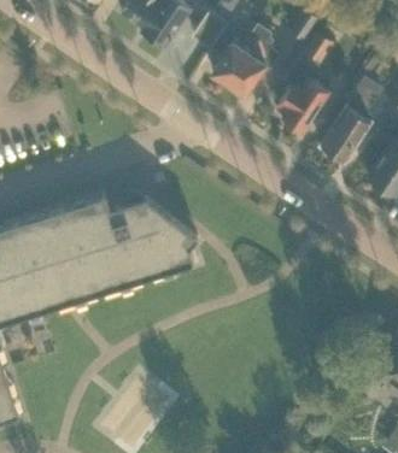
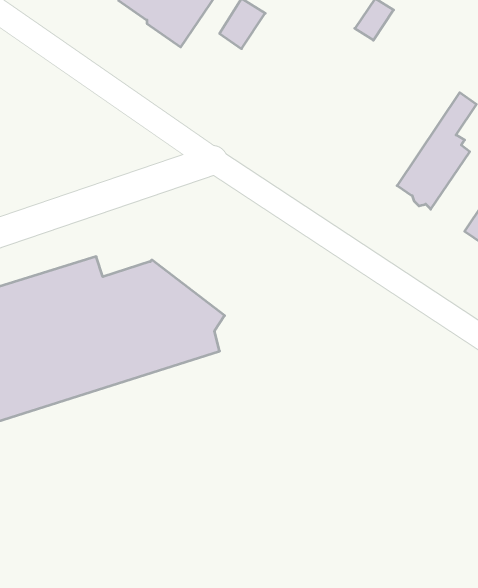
building: [211,25,279,95] -> none
building: [277,33,332,133] -> none

